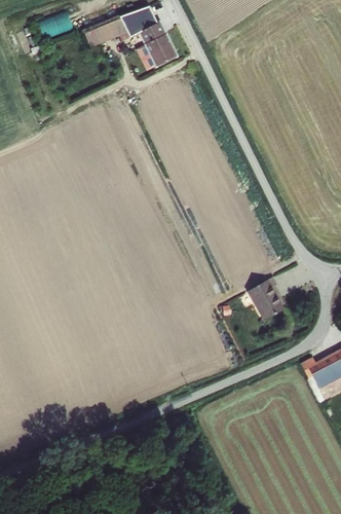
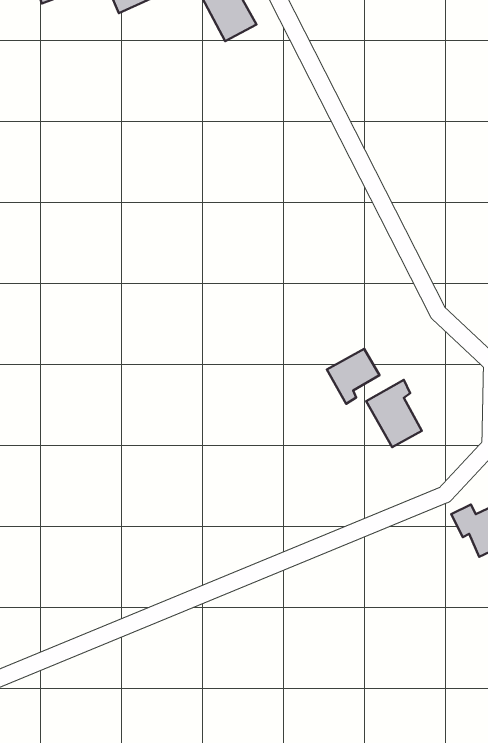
building: none -> [327,349,379,404]

